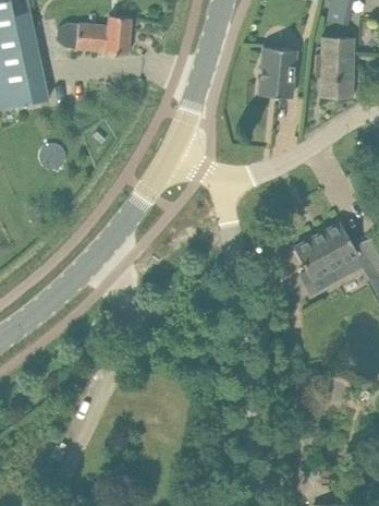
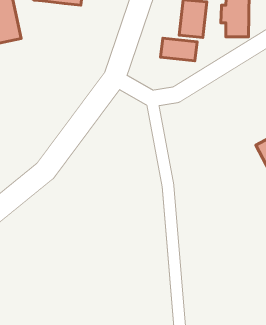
building: none -> [161,38,197,61]
building: [293,221,357,289] -> none

